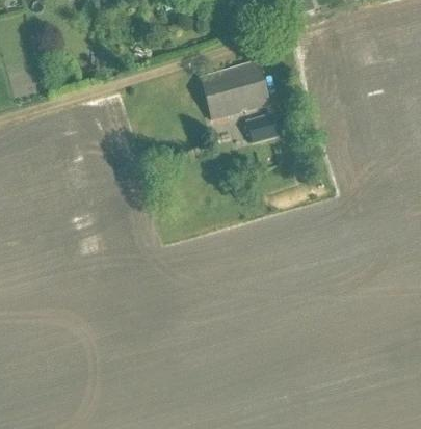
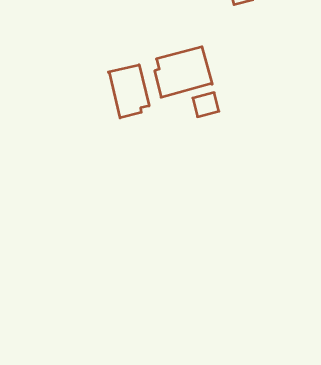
building: none -> [108,65,149,118]

